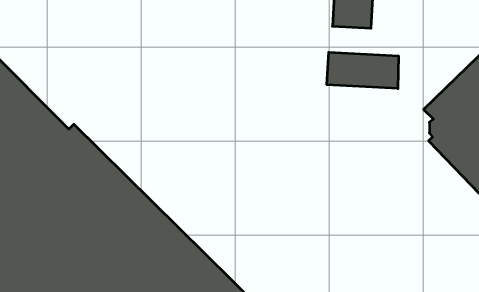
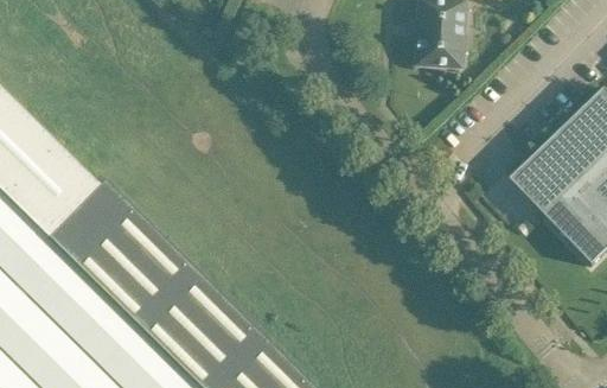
building: [327,52,398,89] -> none

